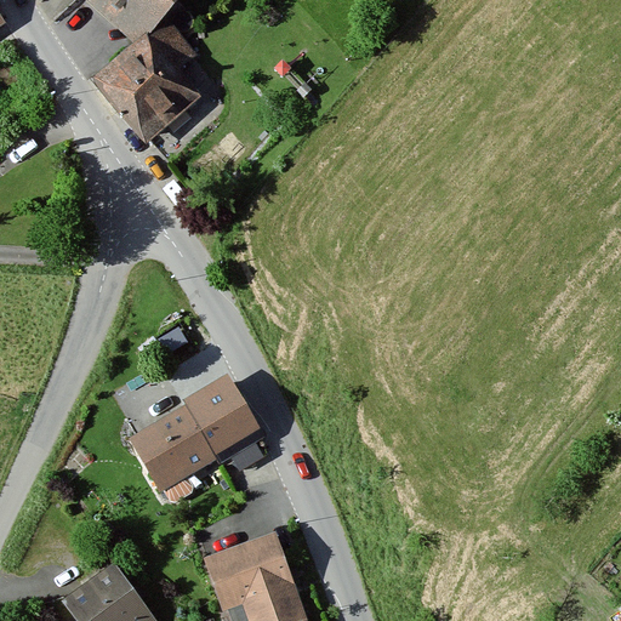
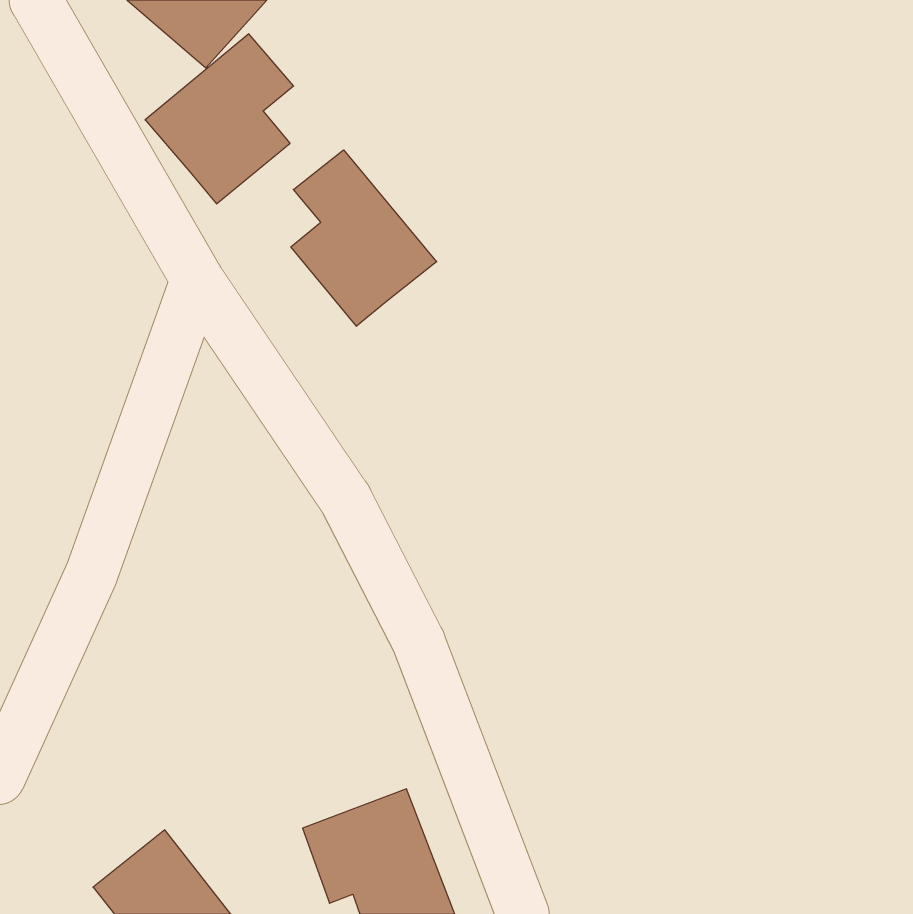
building: none -> [291,150,437,326]
building: [126,378,261,497] -> none

